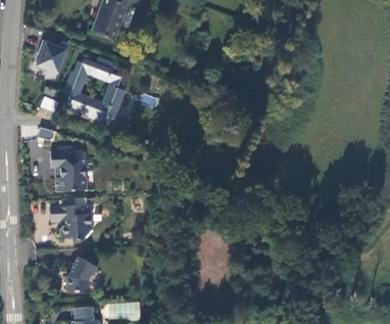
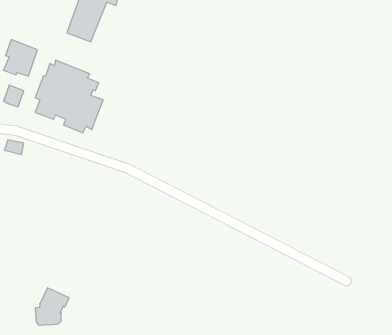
building: [52,151,85,192] -> none
building: [49,199,92,242] -> none

